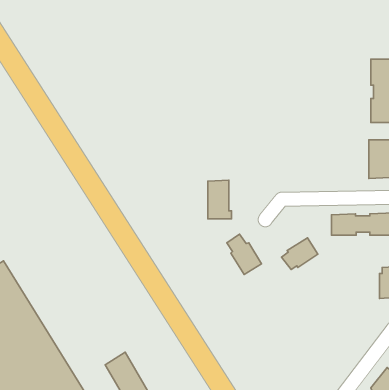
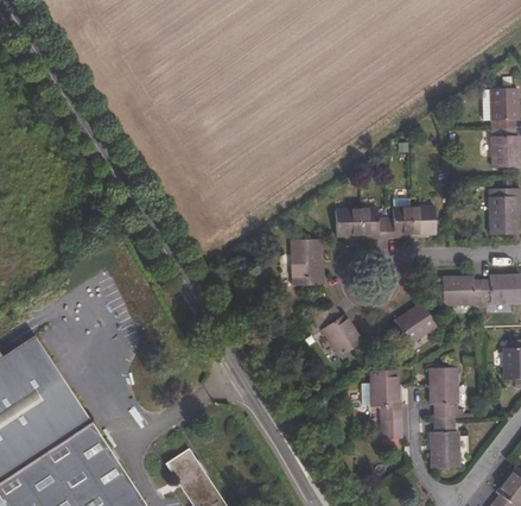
building: none -> [337,205,436,238]
building: none -> [431,368,457,468]
building: none -> [371,371,400,420]

